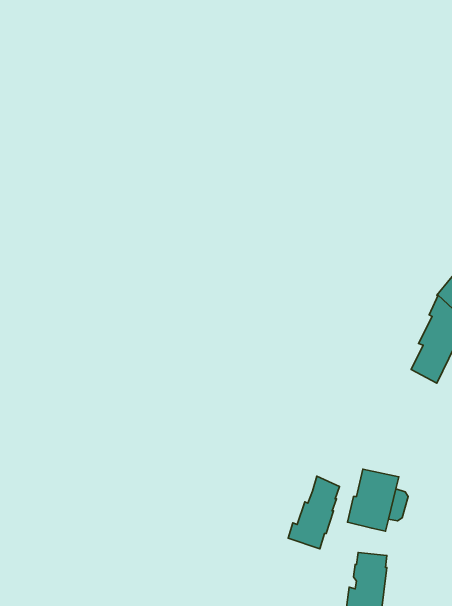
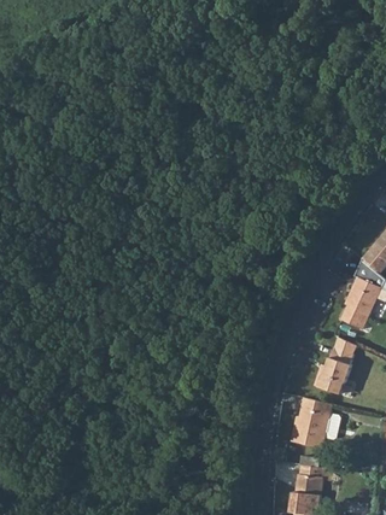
building: [288,476,340,549] -> [314,335,355,393]

